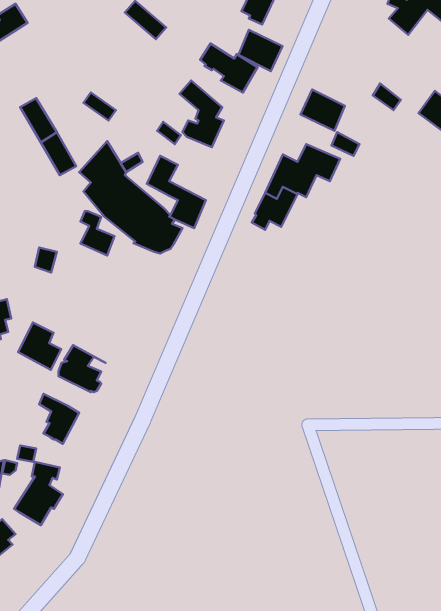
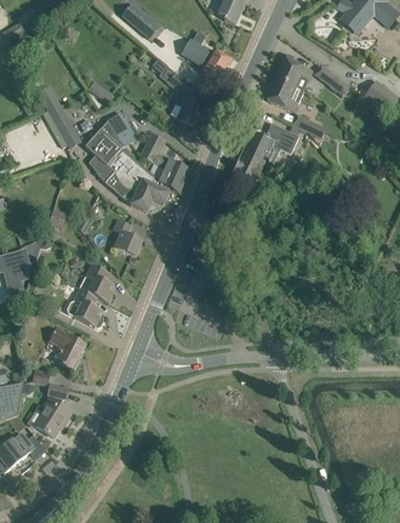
building: [238,30,283,71] -> [275,57,312,91]
building: [80,211,114,255] -> [113,220,141,256]
building: [18,323,61,370] -> [79,263,114,302]

